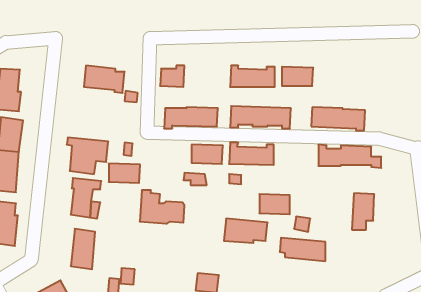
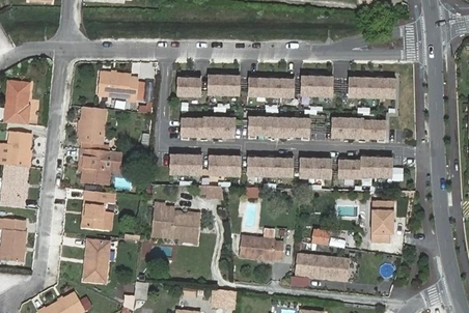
building: none -> [205,76,238,95]
building: none -> [346,78,393,98]
building: none -> [78,109,104,145]
building: [109,164,140,183] -> [168,155,200,175]
building: [259,194,290,214] -> [298,159,329,179]

